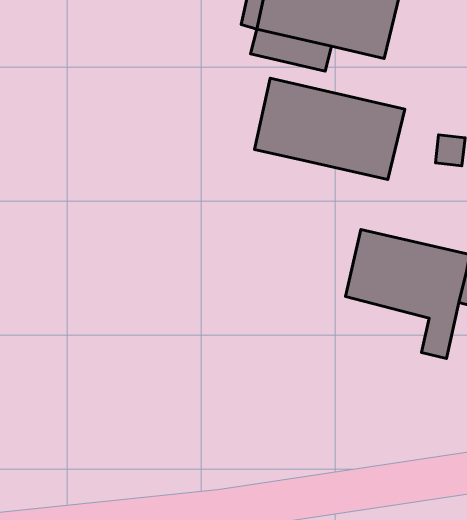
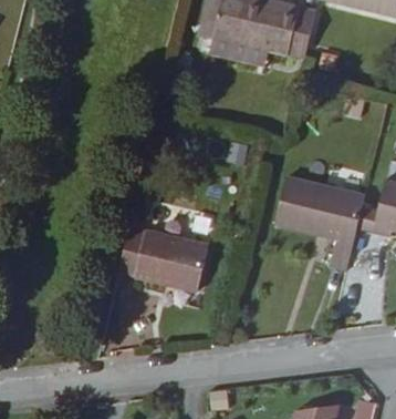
building: [254,78,405,180] -> none
building: none -> [118,228,206,293]

